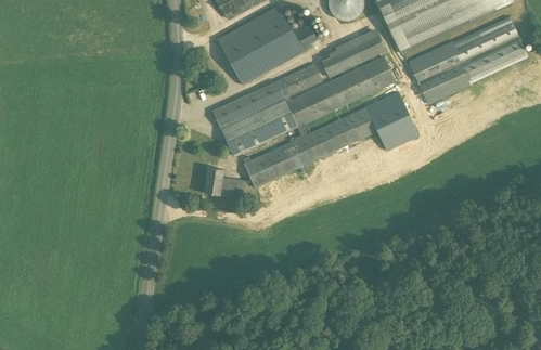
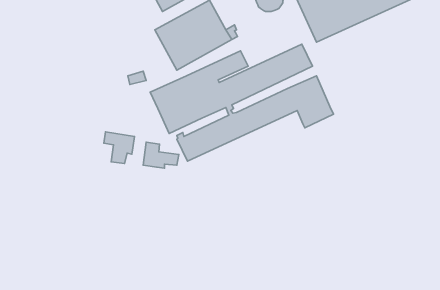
building: [408,14,528,104] -> none
building: [319,28,386,74] -> none
building: none -> [104,132,135,163]

